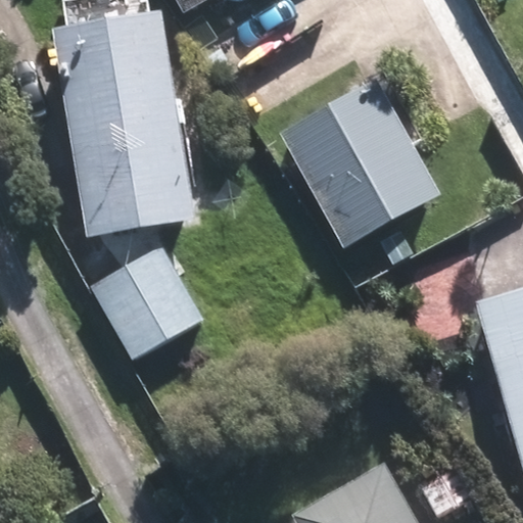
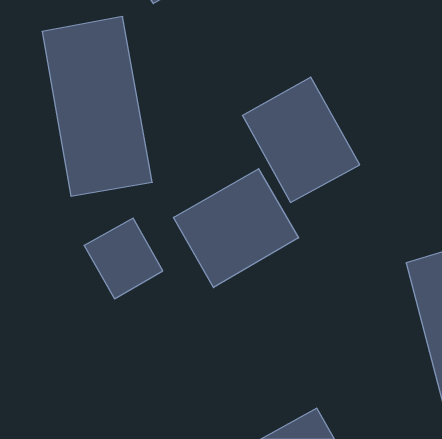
building: none -> [173,169,299,288]

